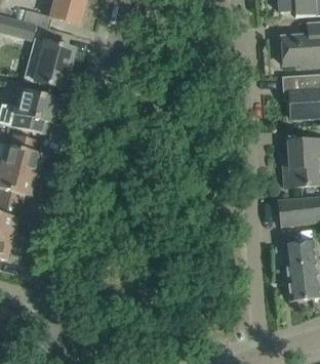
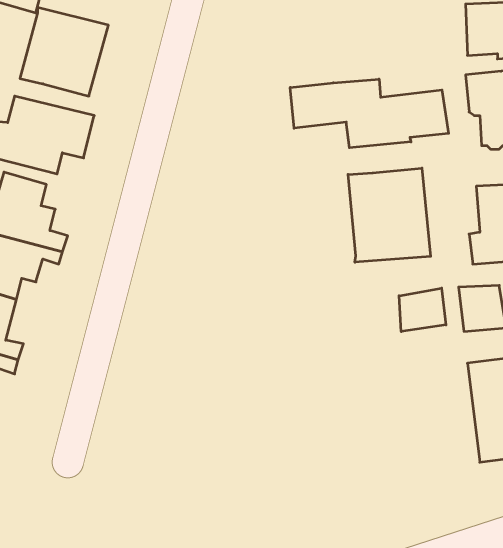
building: none -> [290,79,449,148]
building: none -> [348,168,431,262]
building: none -> [399,288,446,332]

